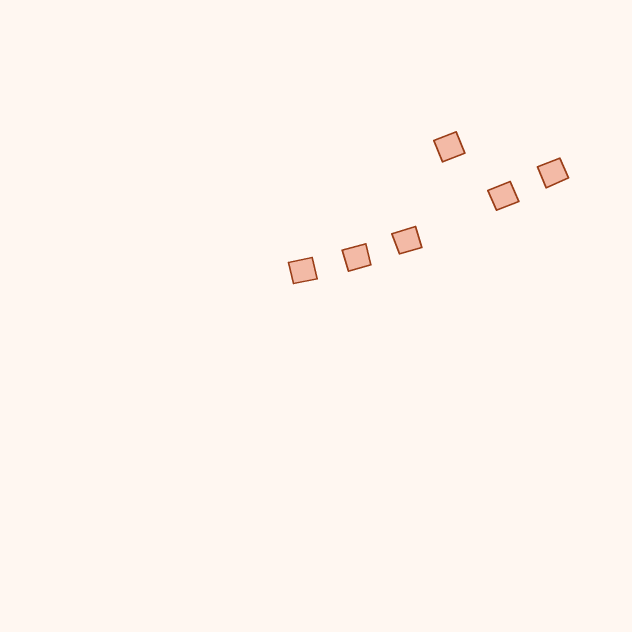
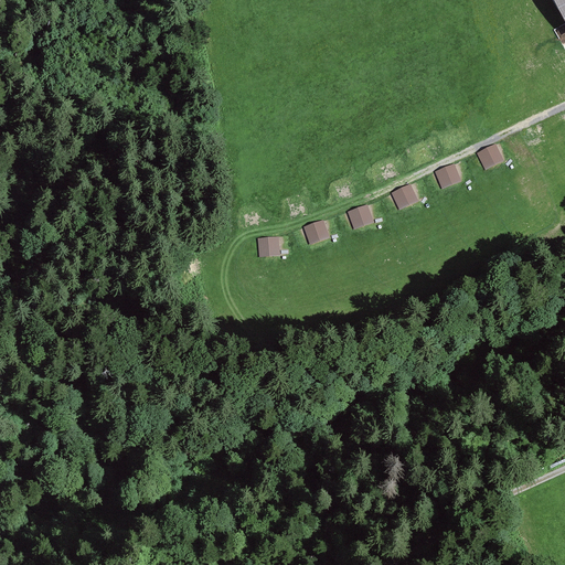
building: [434,132,465,162] -> [391,183,418,210]

